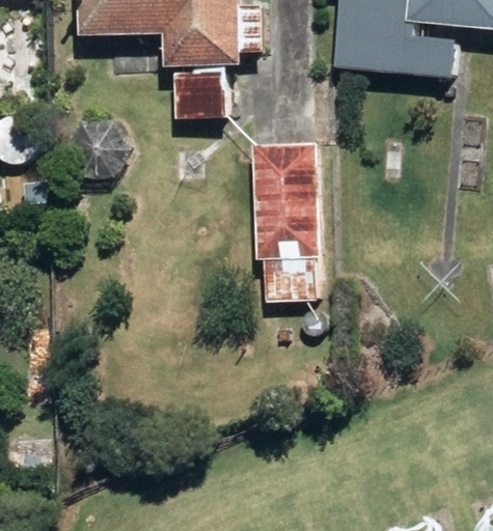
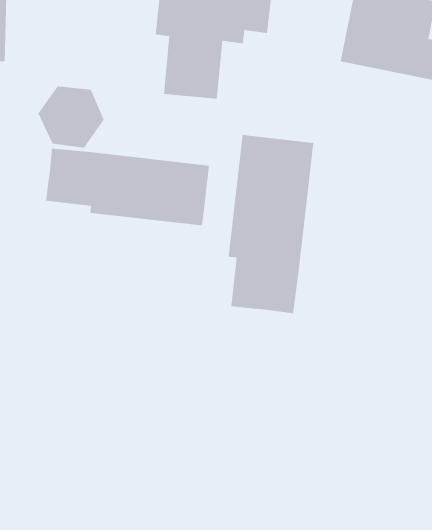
building: none -> [46,148,209,226]

